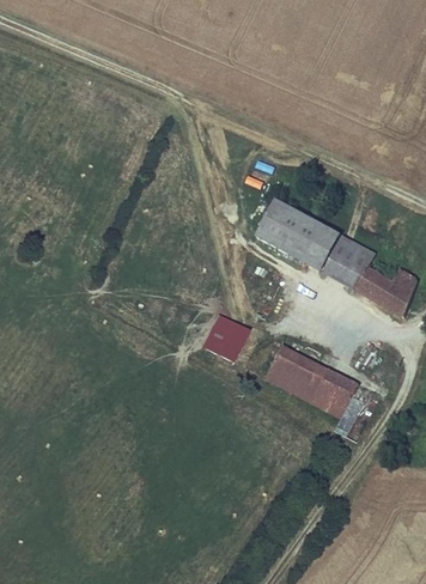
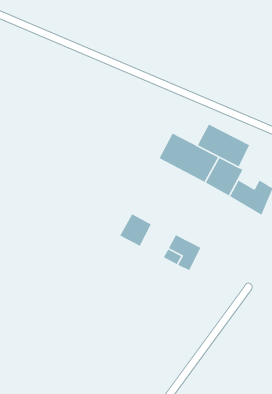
building: none -> [197,123,250,167]
building: [300,364,358,418] -> none

